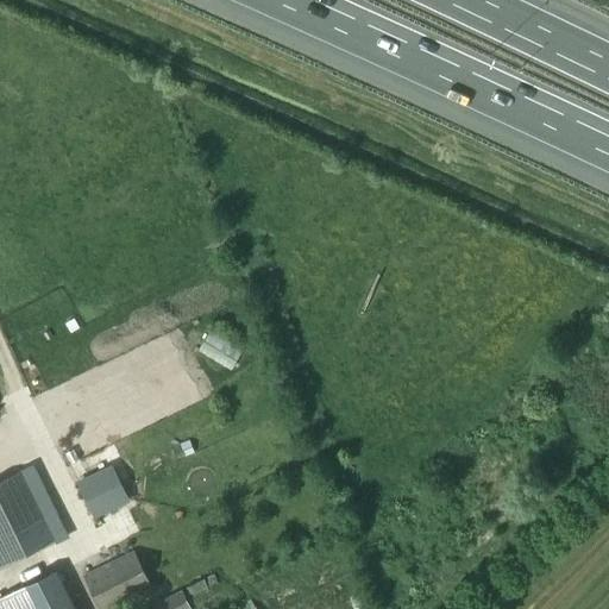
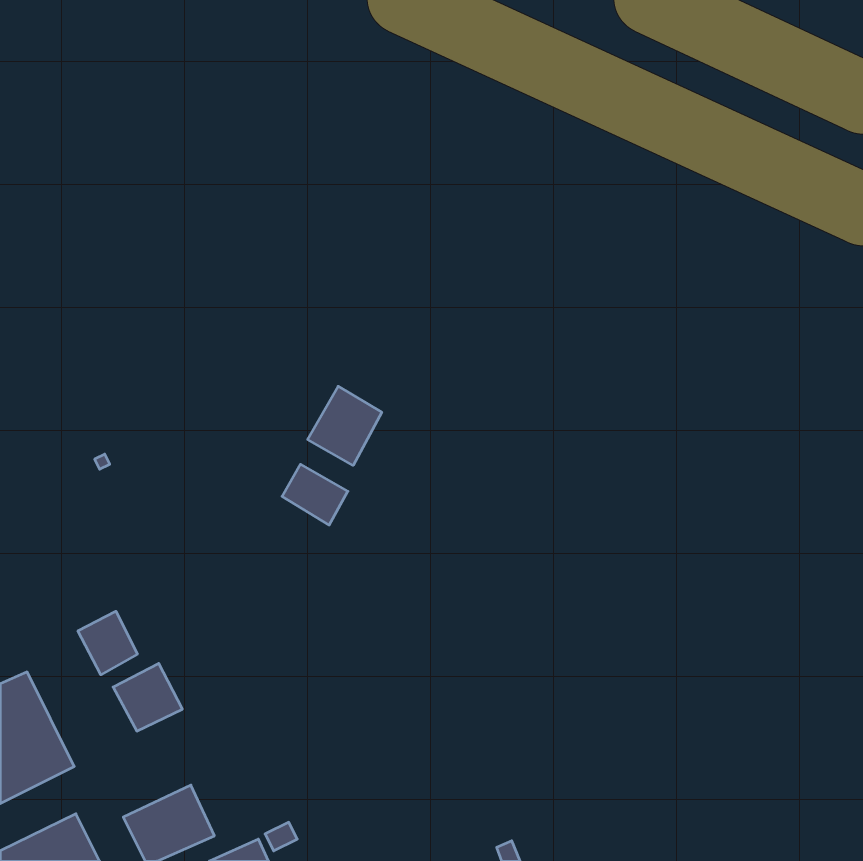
building: none -> [308,386,382,465]
building: none -> [78,611,137,675]

